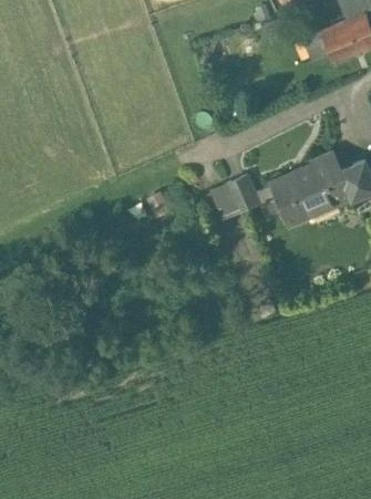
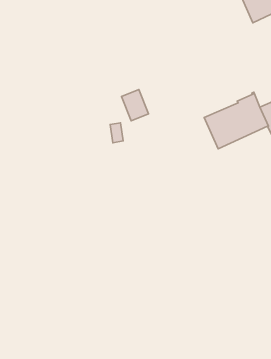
building: [221,171,256,211] -> [122,89,149,121]

